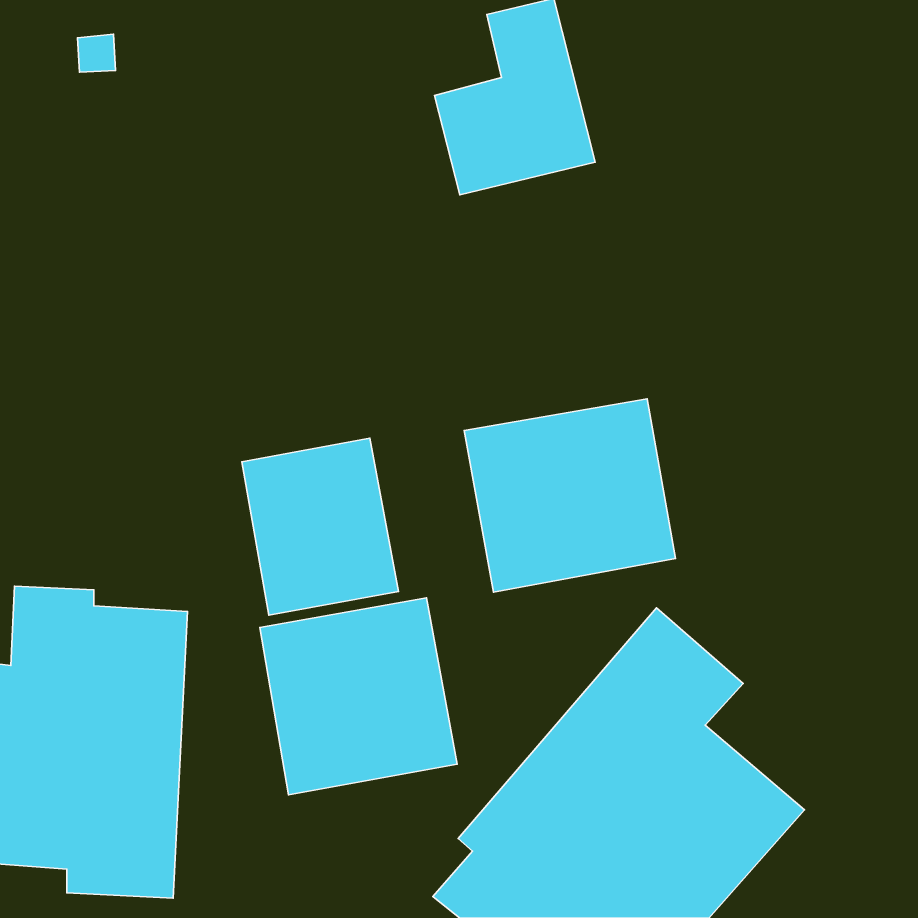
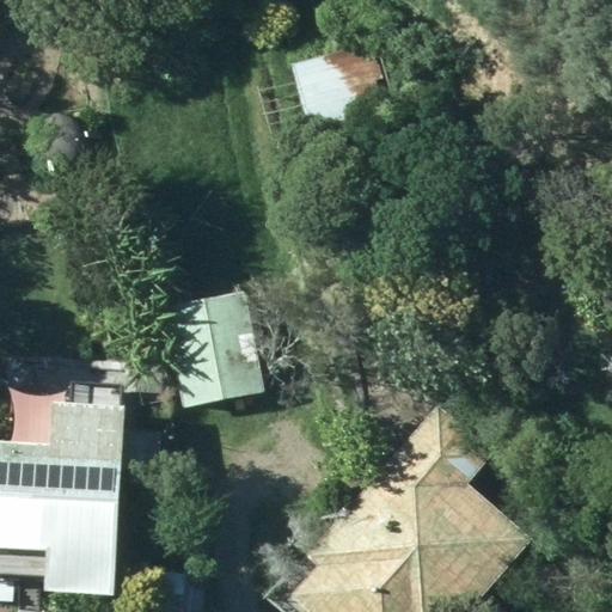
building: [464,399,676,592] -> none
building: [260,598,457,795] -> none

